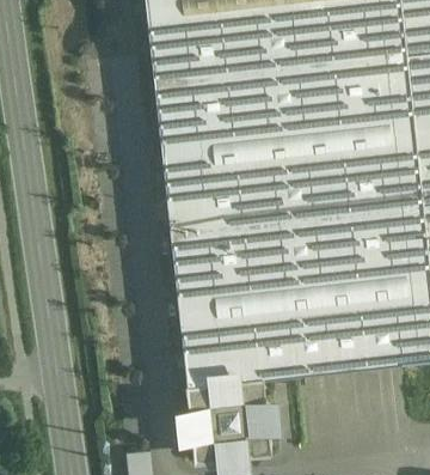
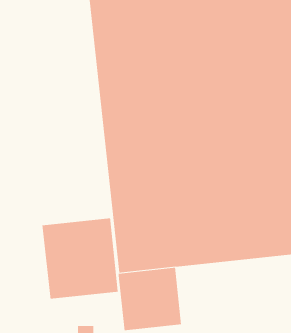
building: none -> [42,218,120,300]

